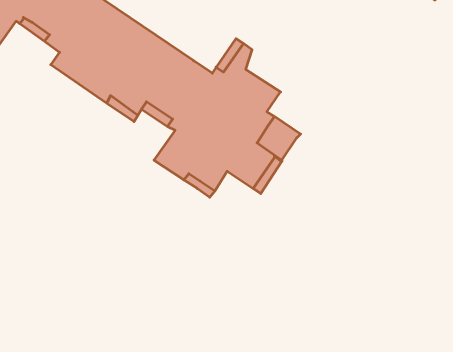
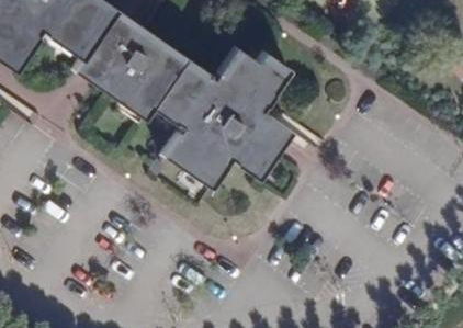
building: none -> [241,47,287,89]

